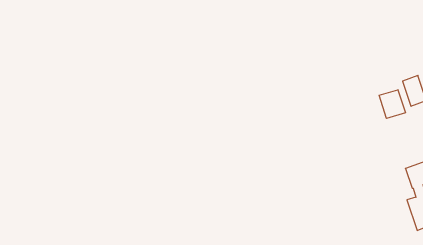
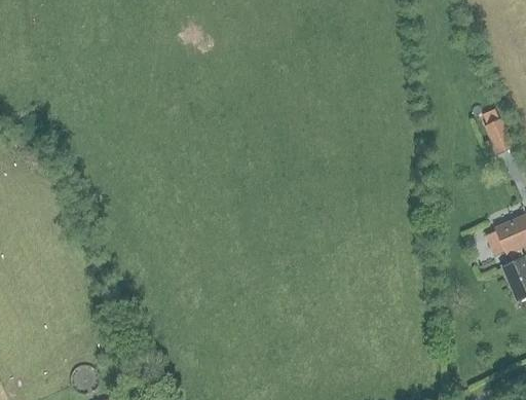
building: [379,90,405,118] -> none

